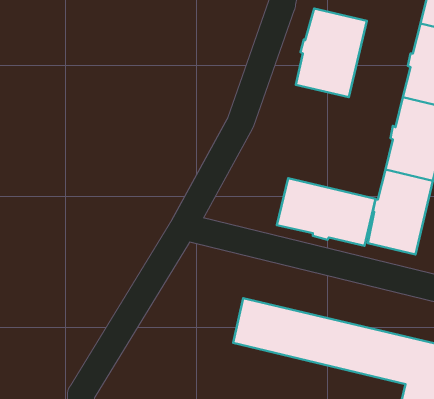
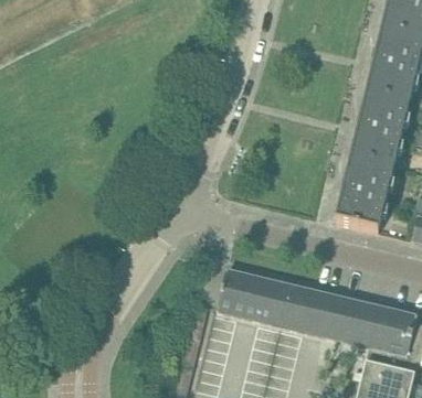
building: [296,8,367,97] -> none
building: [277,178,376,246] -> none

